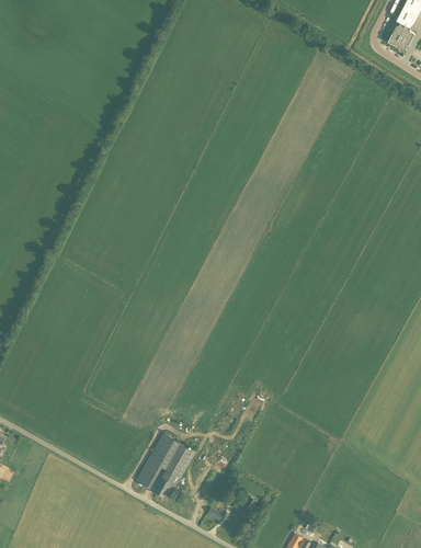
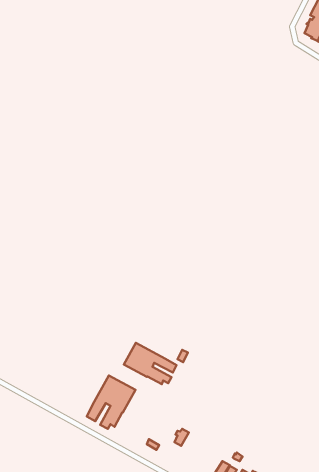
building: none -> [124,343,177,384]

